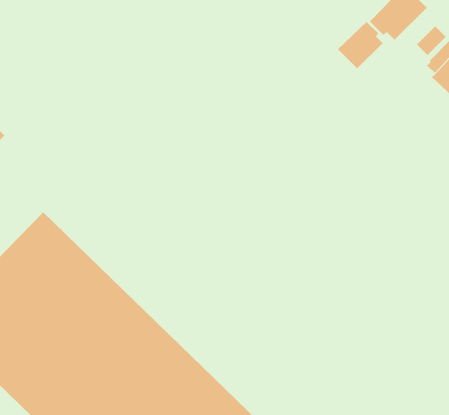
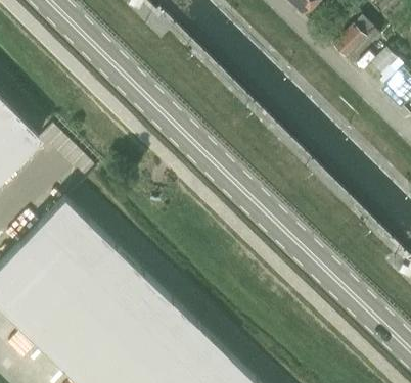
building: [337,21,383,69] -> none

